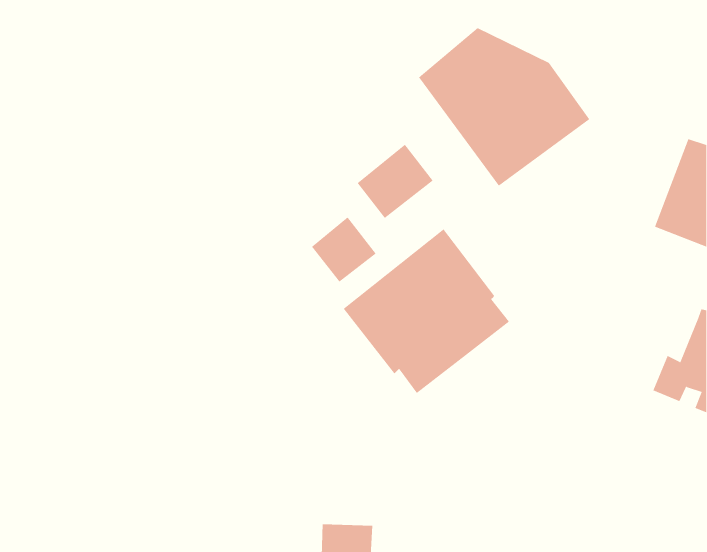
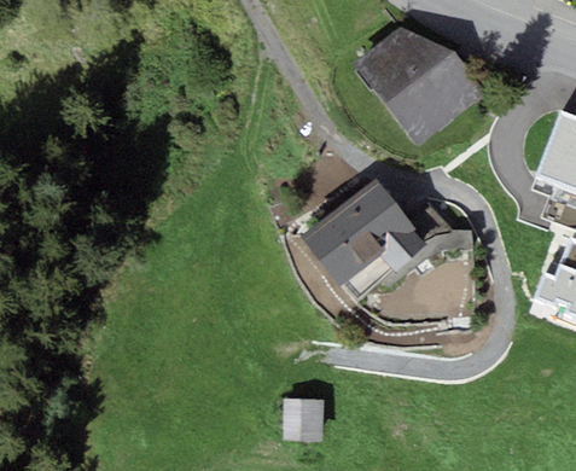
building: [357,144,433,219] -> none
building: [311,216,377,283] -> none

